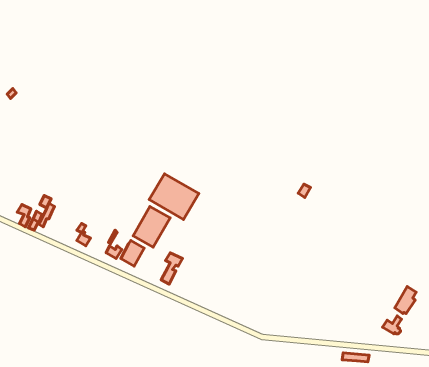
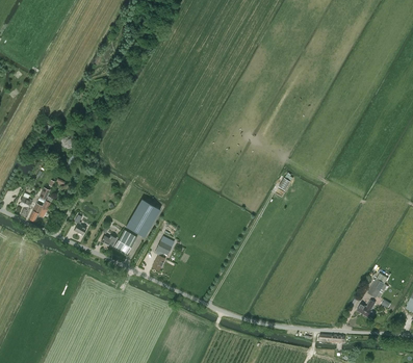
building: [149,174,199,219] -> none

